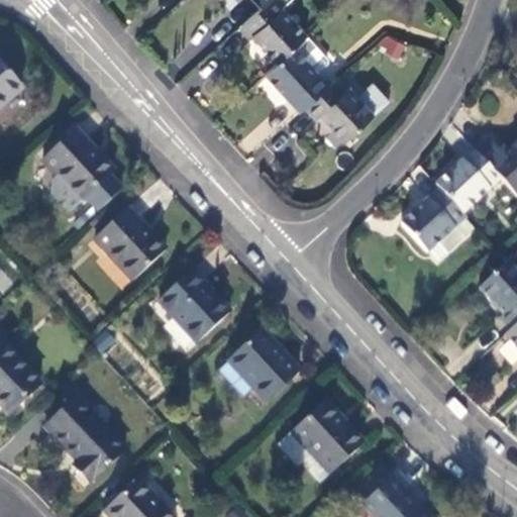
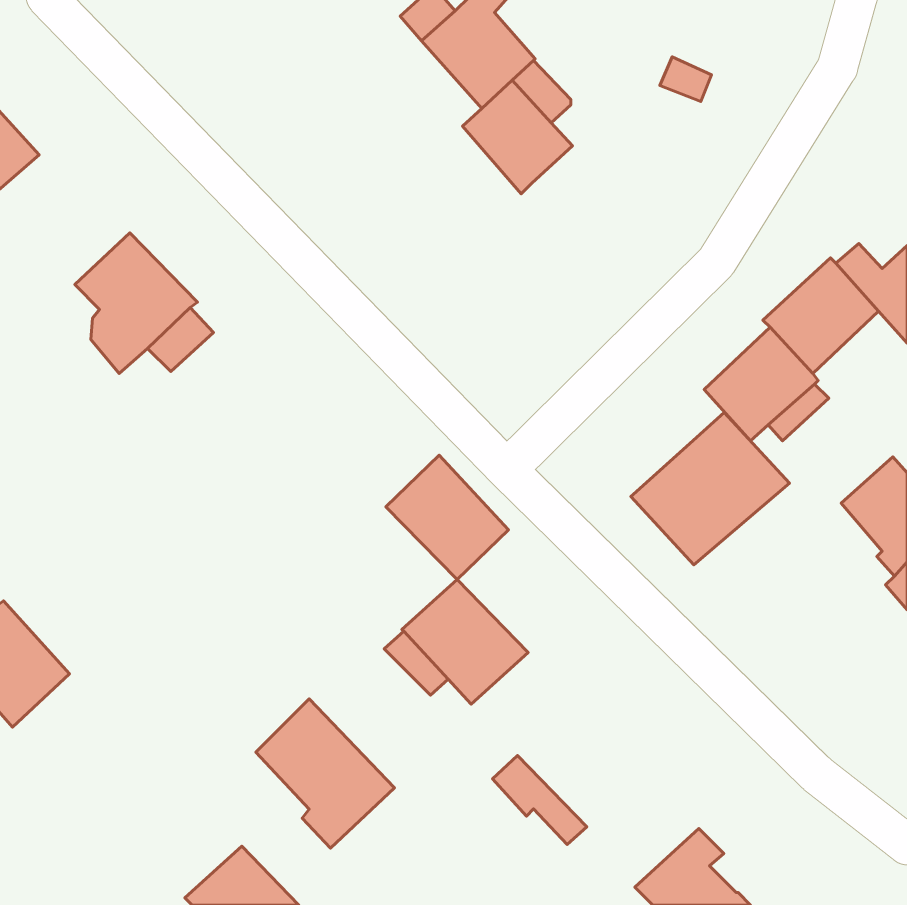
building: [302,73,372,139] -> none
building: [96,208,165,278] -> none
building: none -> [631,412,789,565]
building: [160,271,229,341] -> [386,455,509,580]
building: [46,399,125,484] -> [256,699,395,848]
building: [294,402,361,470] -> none

